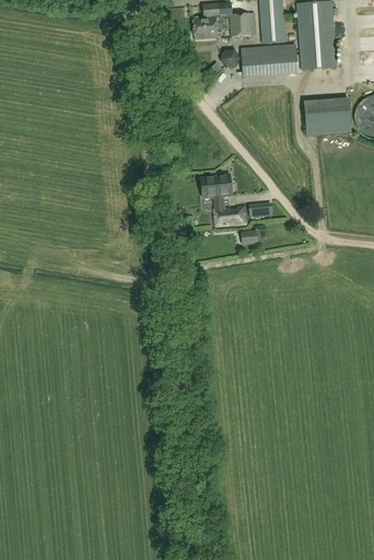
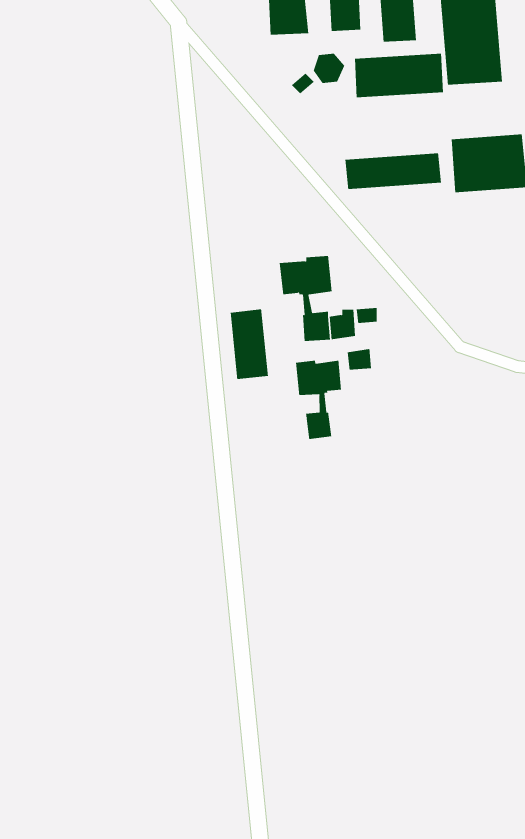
building: none -> [345,152,442,190]
building: none -> [230,308,268,380]
building: none -> [295,360,342,440]

